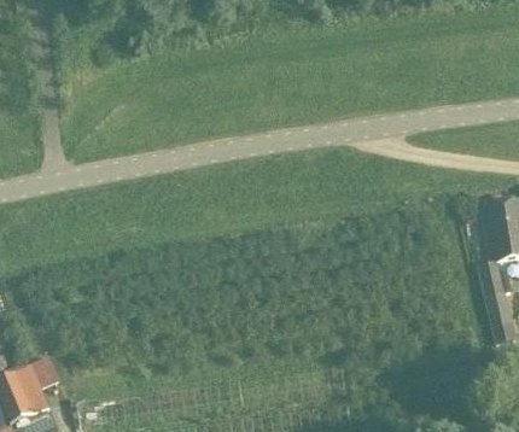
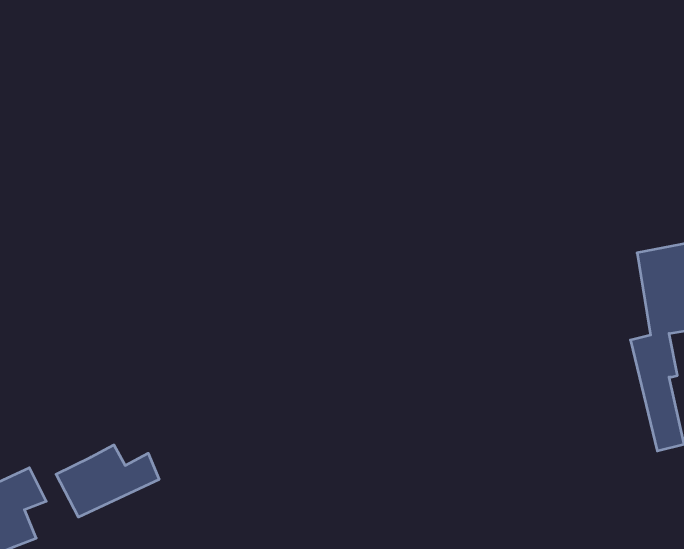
building: none -> [56,445,159,517]

